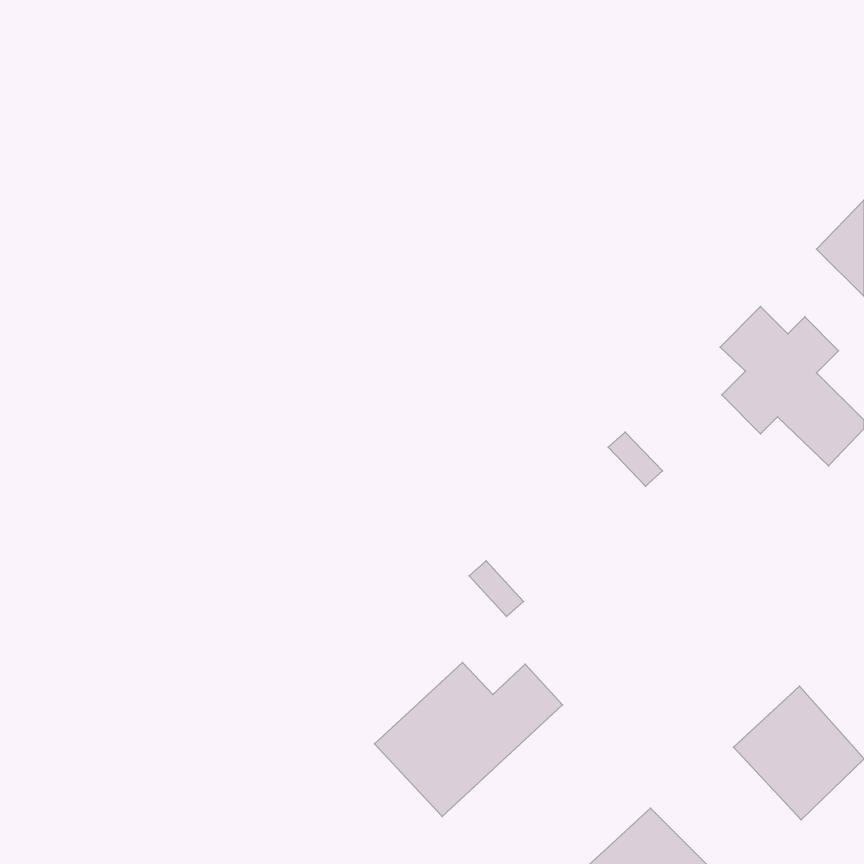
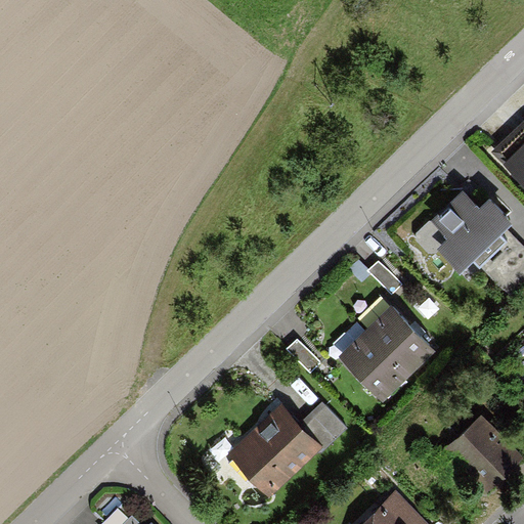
building: none -> [341,310,435,403]

